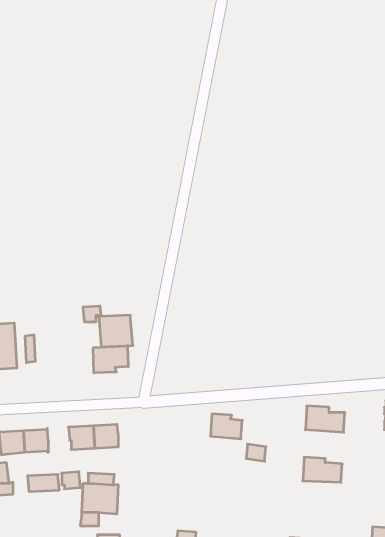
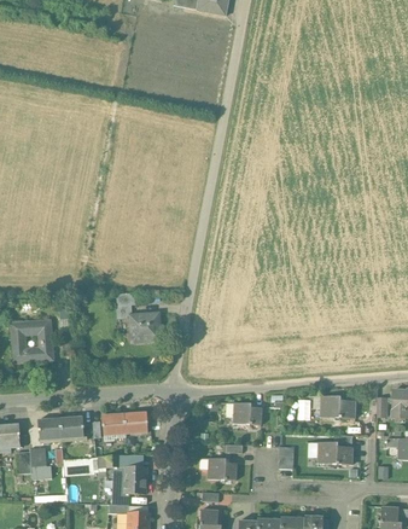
building: [93,346,128,373] -> none
building: none -> [206,458,237,481]

